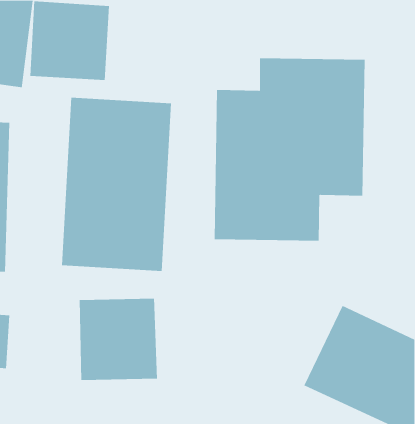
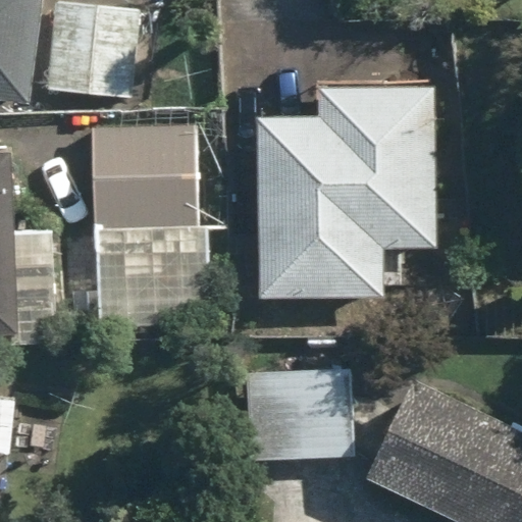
building: [79,298,157,381] -> none
building: none -> [227,370,355,463]

